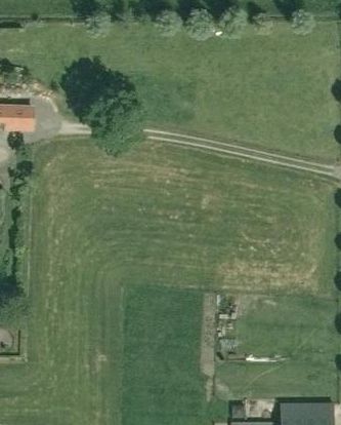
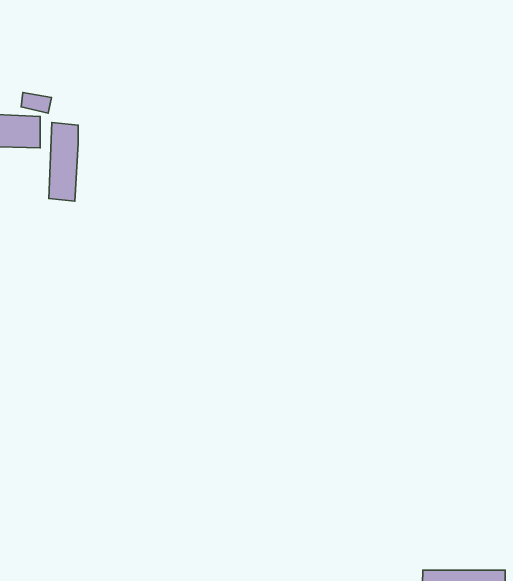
building: none -> [49,123,78,201]

